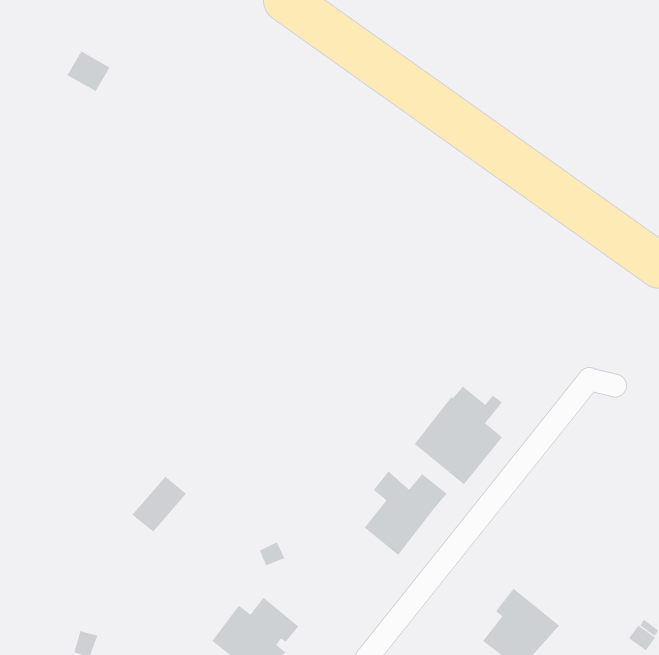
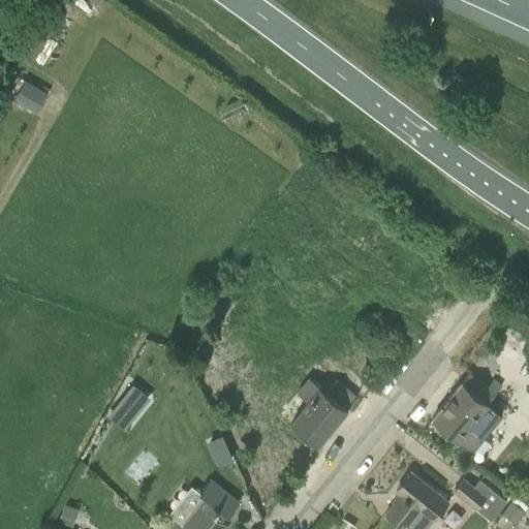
building: [67,51,110,92] -> [13,83,49,116]
building: [414,386,503,485] -> [431,375,502,455]
building: none -> [455,481,507,523]

